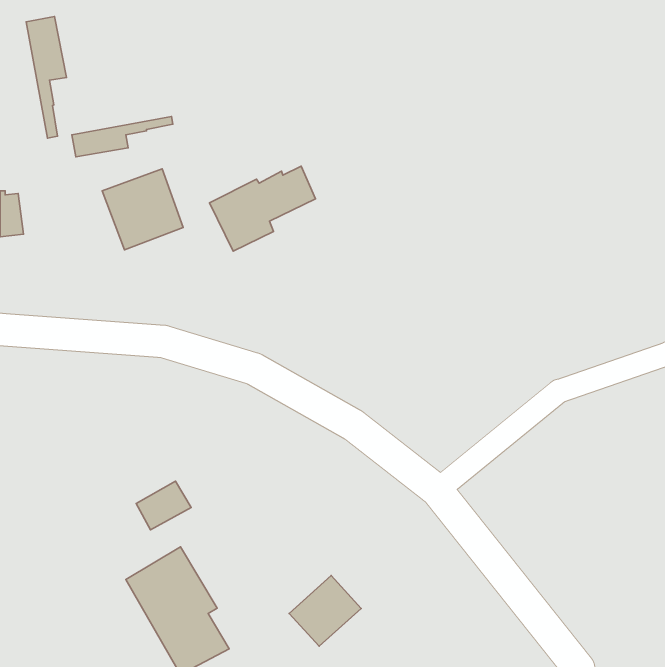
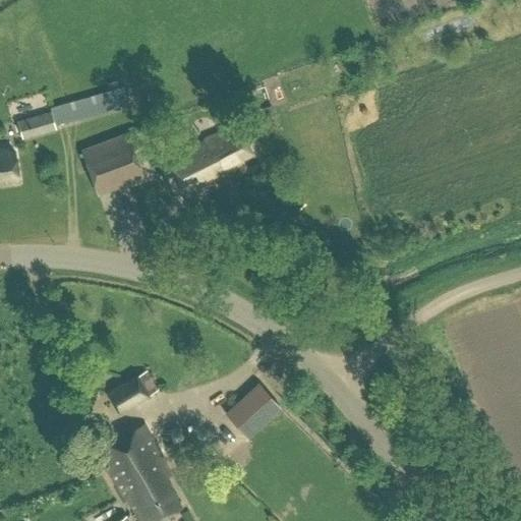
building: [26,16,66,138] -> none
building: none -> [19,111,58,139]
building: [289,576,361,646] -> [227,383,283,438]

